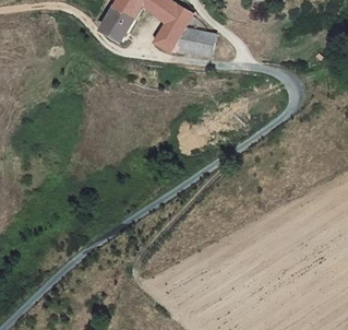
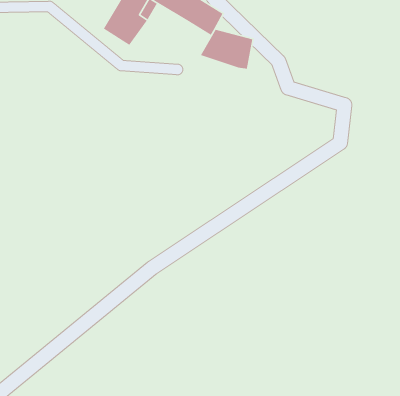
building: [153,21,183,54] -> none

